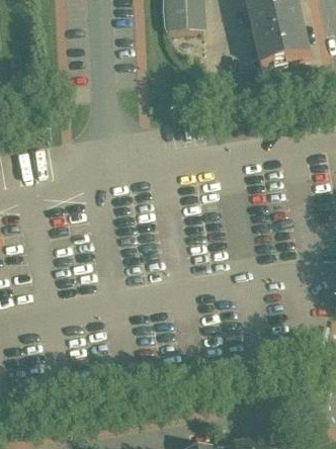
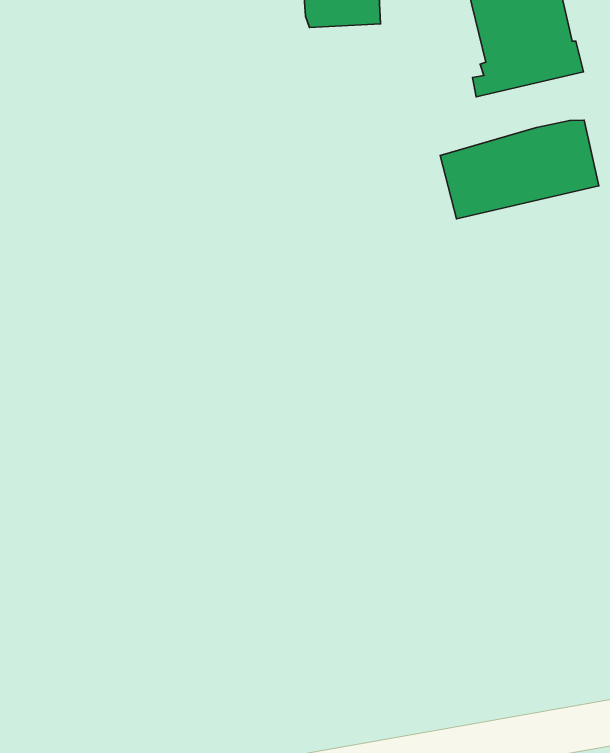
building: none -> [440,120,599,219]

